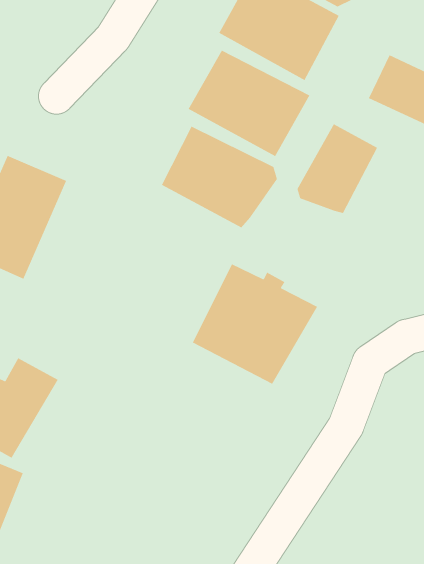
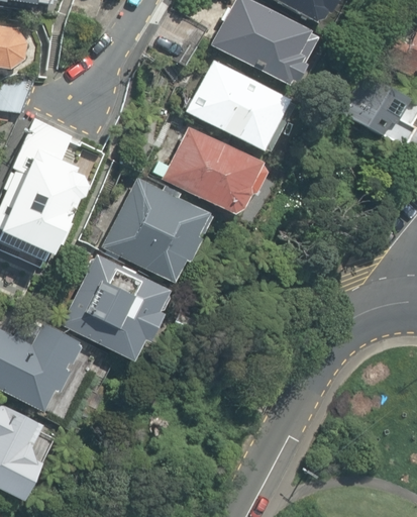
building: [296,123,378,214] -> none
building: [192,263,318,385] -> [104,178,213,283]
building: none -> [59,251,169,363]

